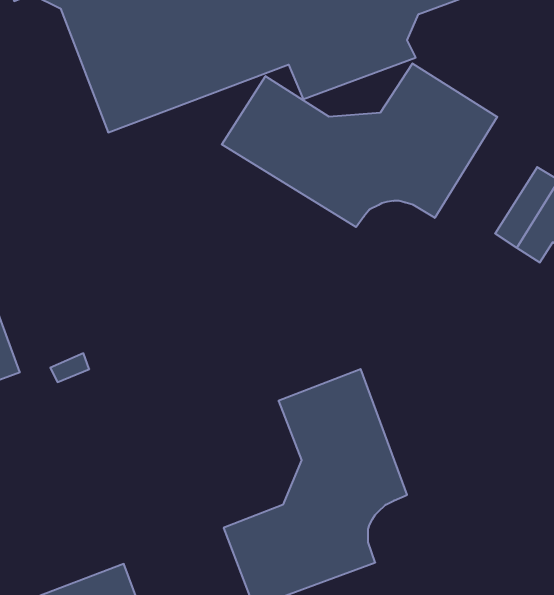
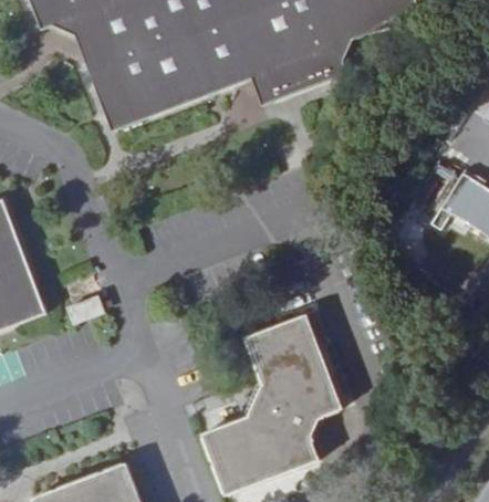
building: [222,63,497,227] -> none

